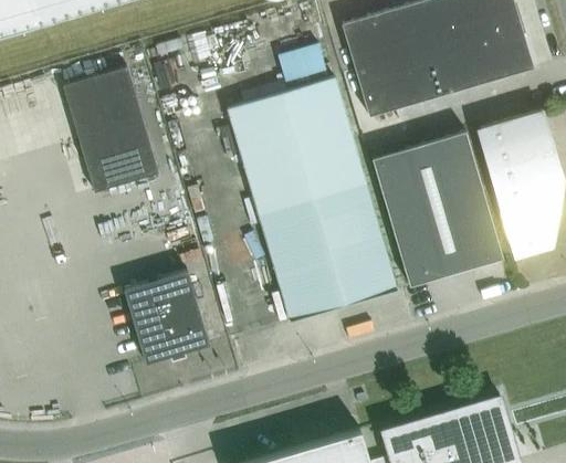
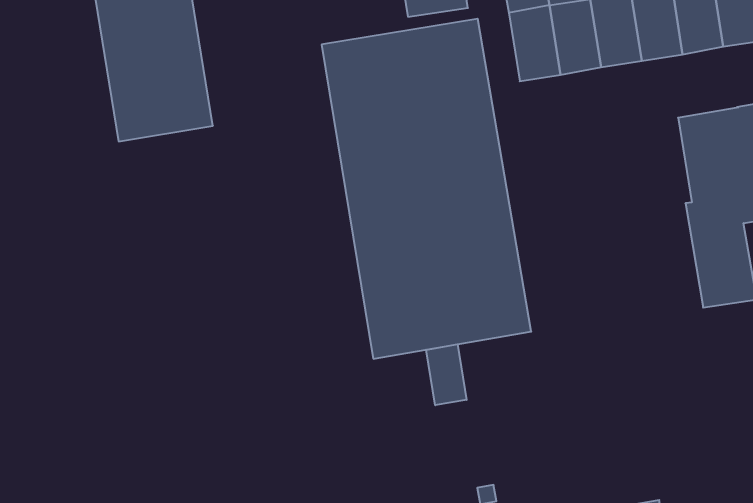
building: [371,130,503,286] -> none
building: [125,271,210,364] -> none
building: none -> [426,344,467,405]

